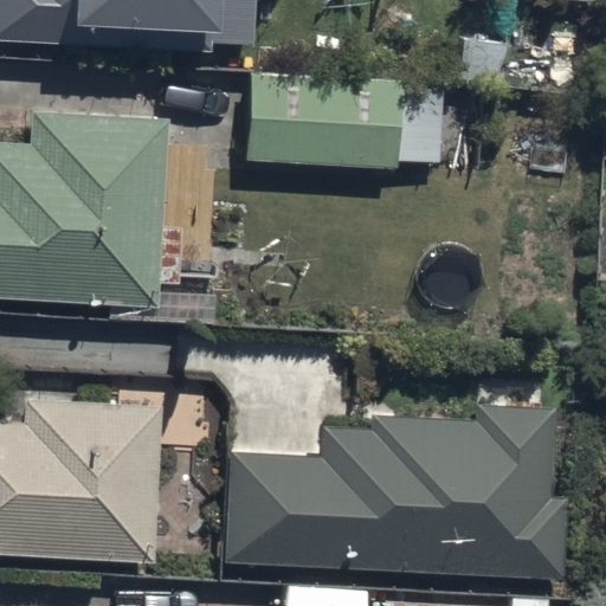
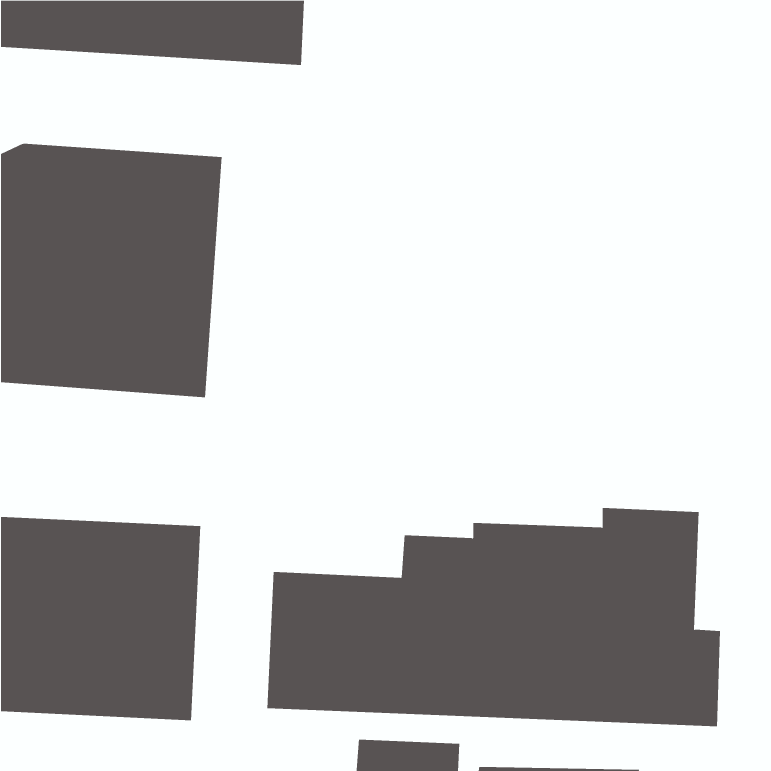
building: [238,64,443,167] -> none

